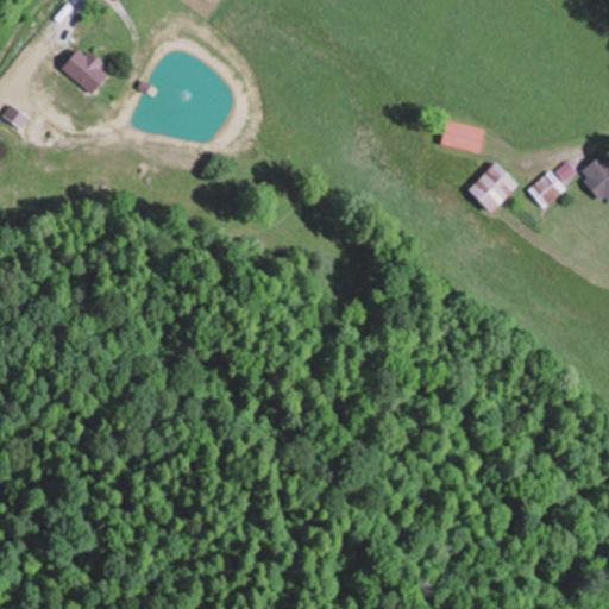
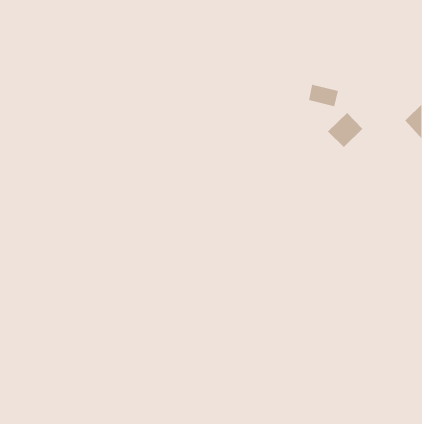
building: [61,46,109,96] -> none
building: [527,170,565,209] -> none

